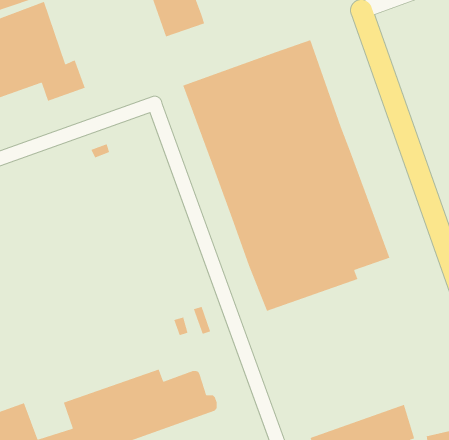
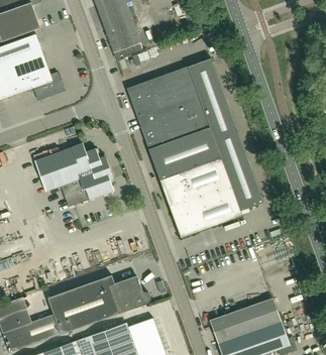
building: none -> [34,142,113,206]

